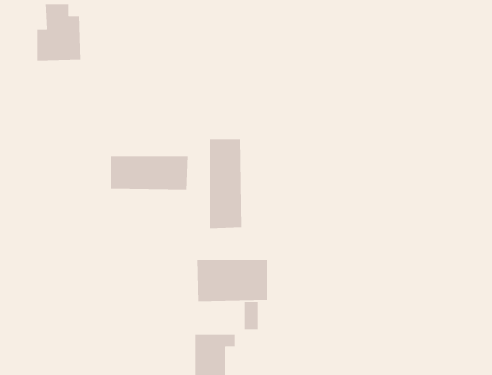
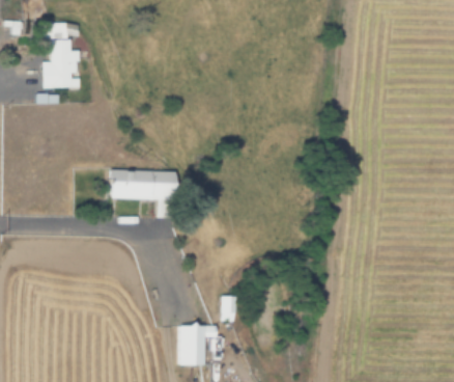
building: [209,139,242,229] -> none
building: [197,259,268,302] -> none

